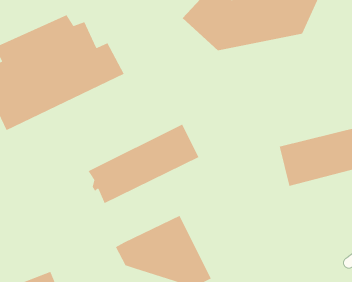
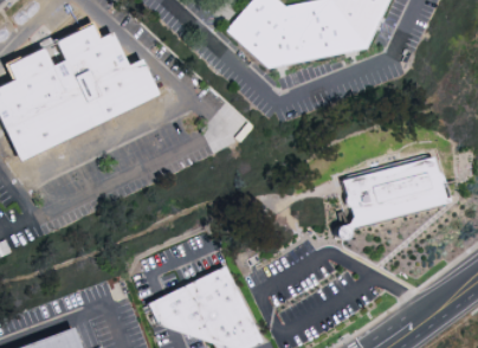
building: [88,123,200,204] -> none

